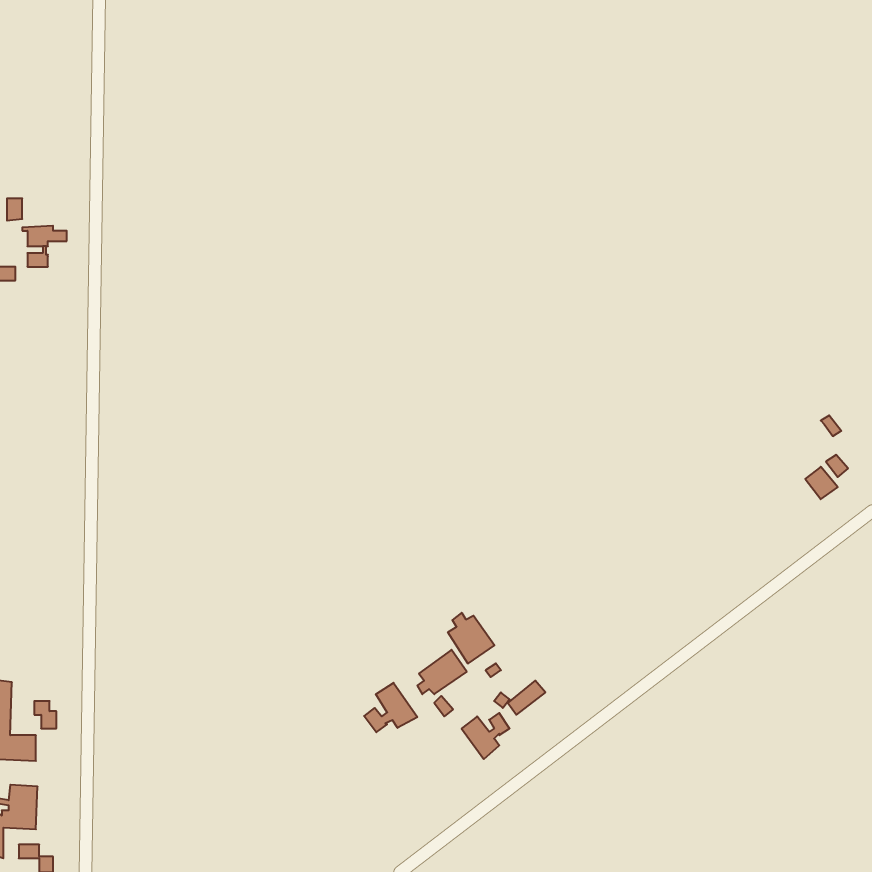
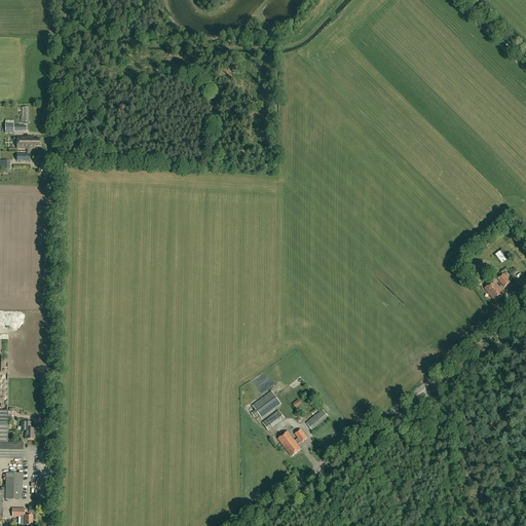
building: [448,613,494,664] -> none
building: [364,683,417,732] -> none

